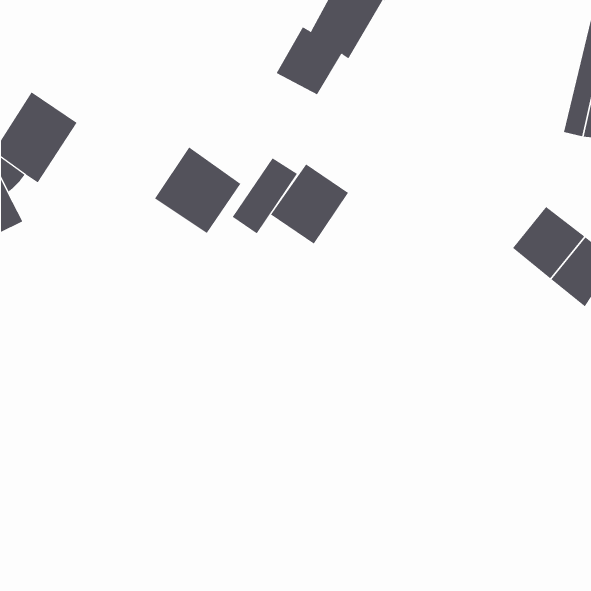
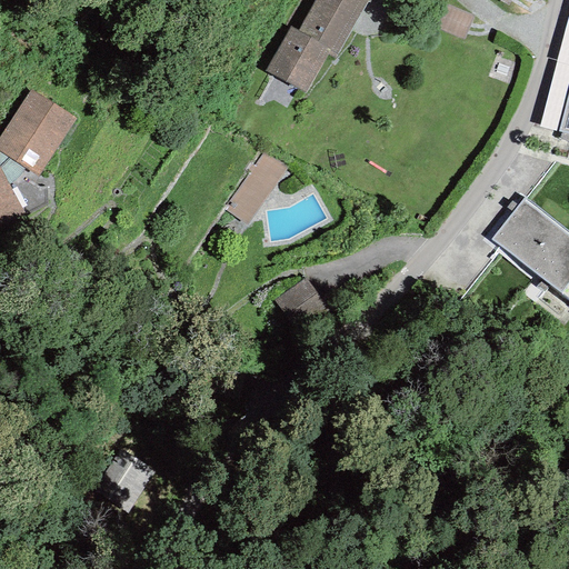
building: [154,147,241,234] -> none
building: [270,164,349,244] -> none

